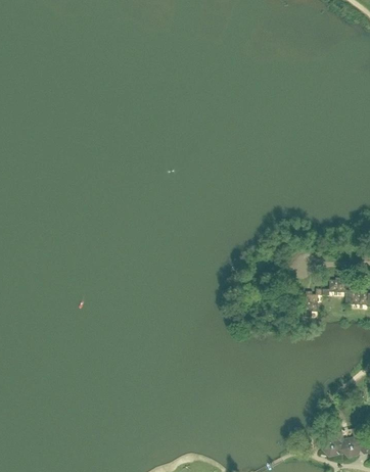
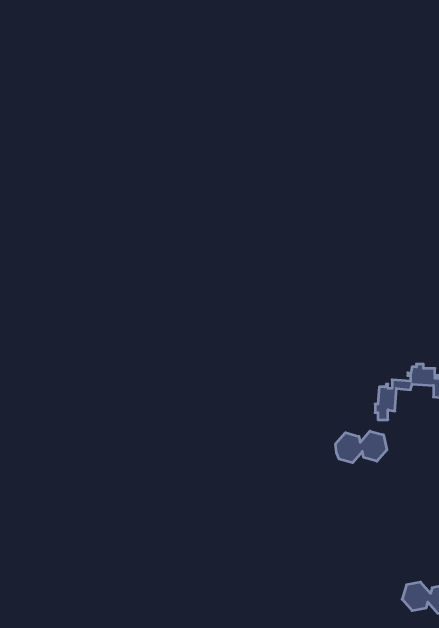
building: none -> [336,431,387,463]

